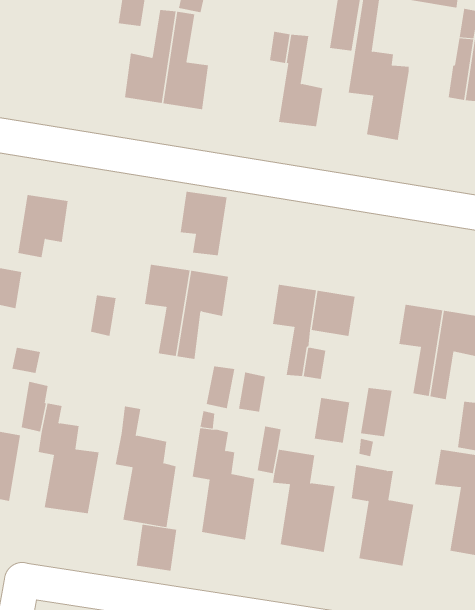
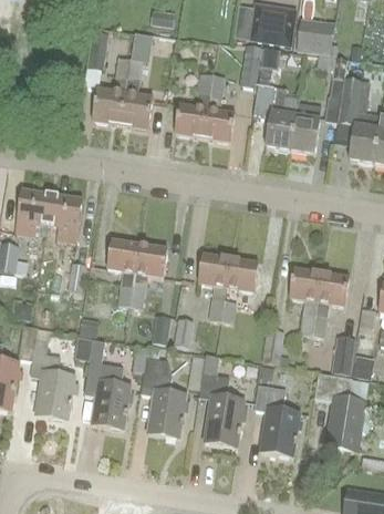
building: none -> [289,101,321,154]
building: none -> [174,104,207,137]
building: [180,191,228,256] -> [48,194,82,240]
building: [314,397,350,444] -> none
building: [136,524,177,571] -> none

